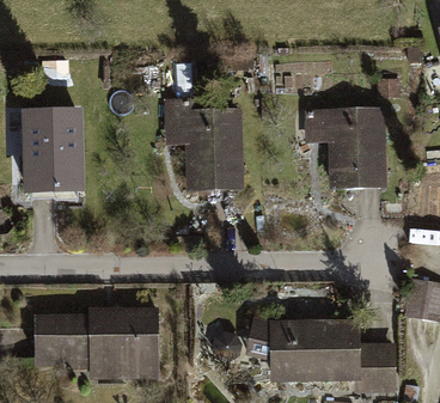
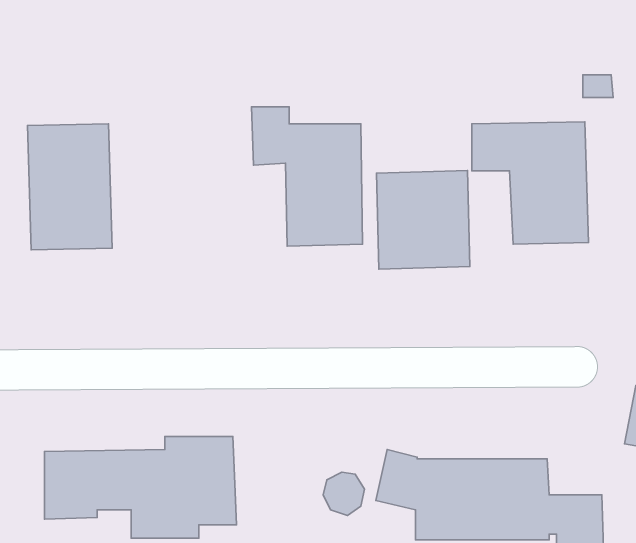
building: none -> [377,171,470,269]

